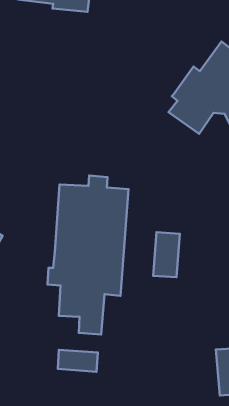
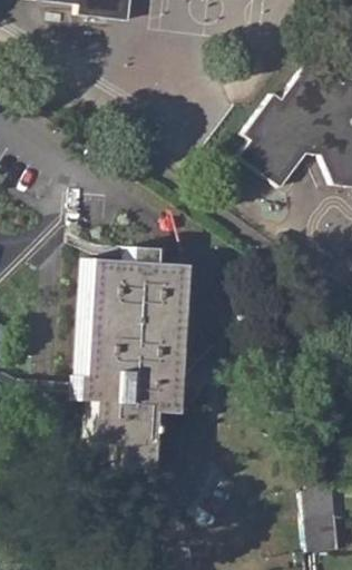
building: [153,232,180,277] -> none
building: [58,350,98,372] -> none

